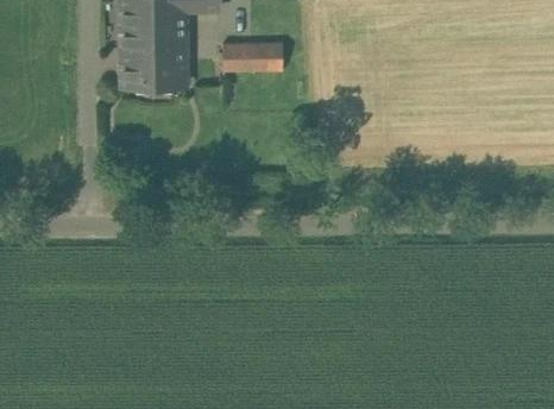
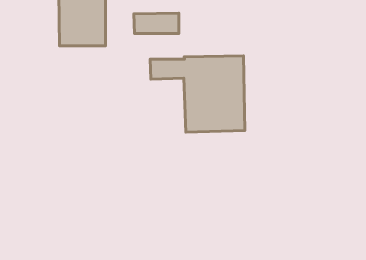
building: none -> [150,56,245,132]

